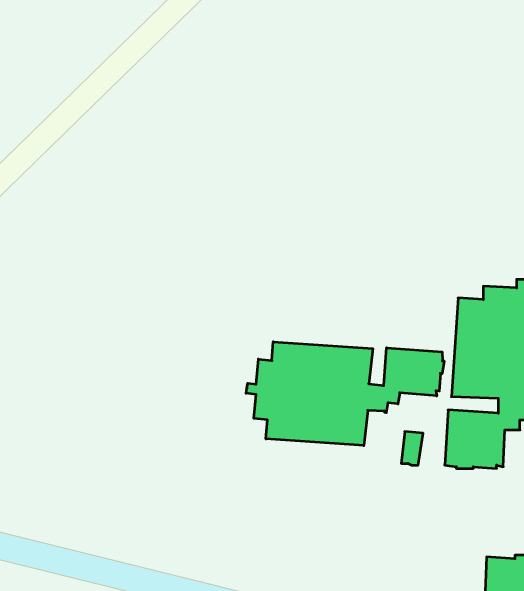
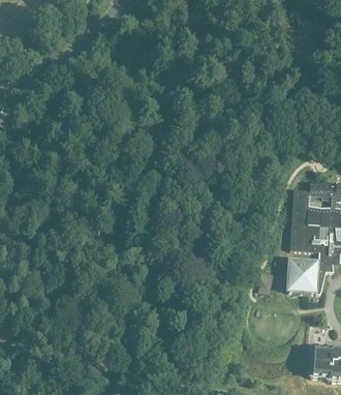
building: [246,342,444,446] -> none

